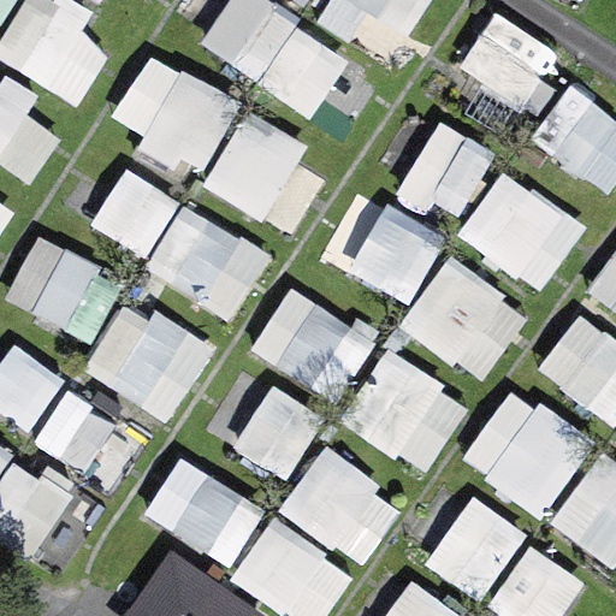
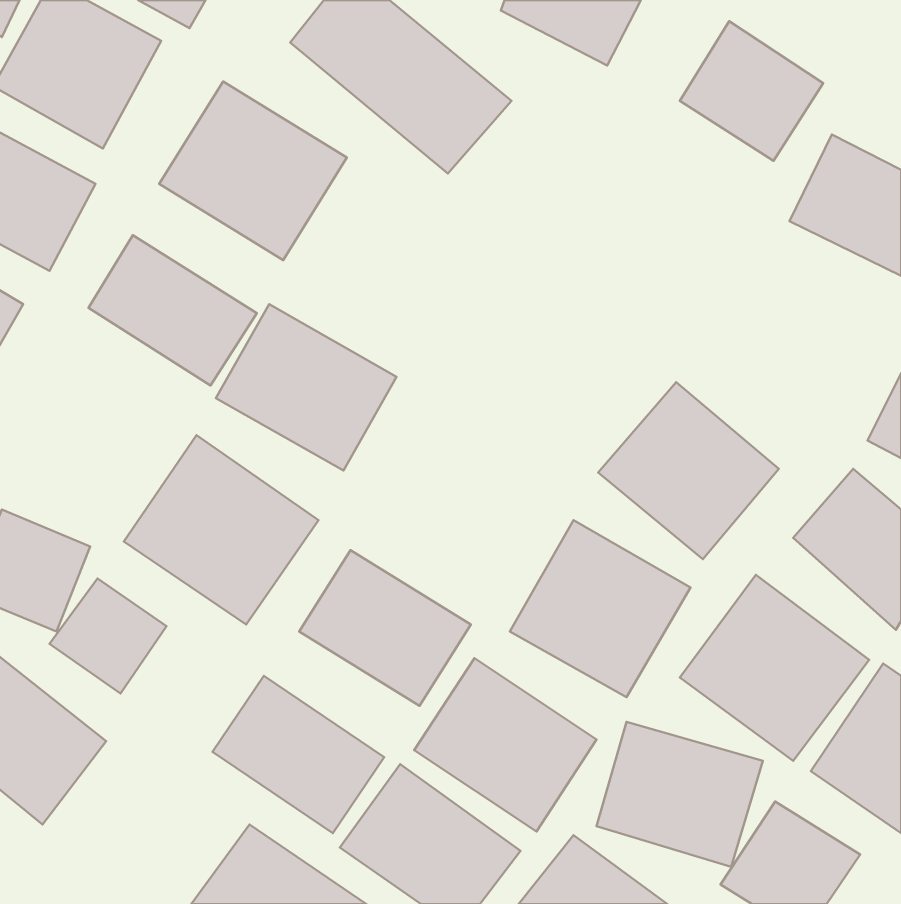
building: [377,113,490,220] -> none
building: [203,118,334,241] -> none
building: [463,174,587,291] -> none
building: [348,207,443,302] -> none
building: [5,241,119,346] -> none
building: [256,290,374,395] -> none

